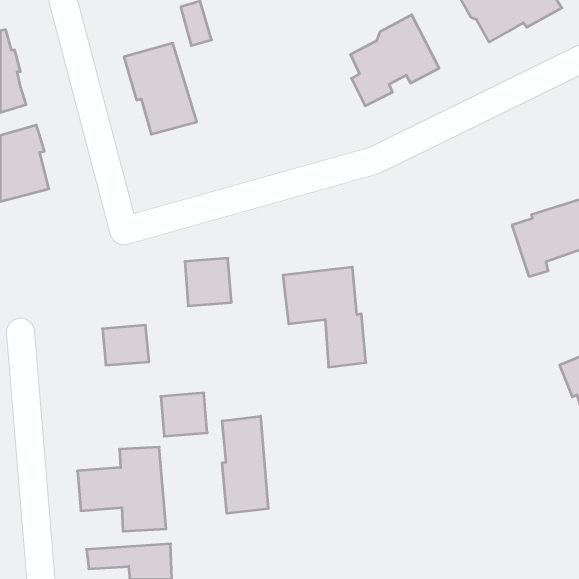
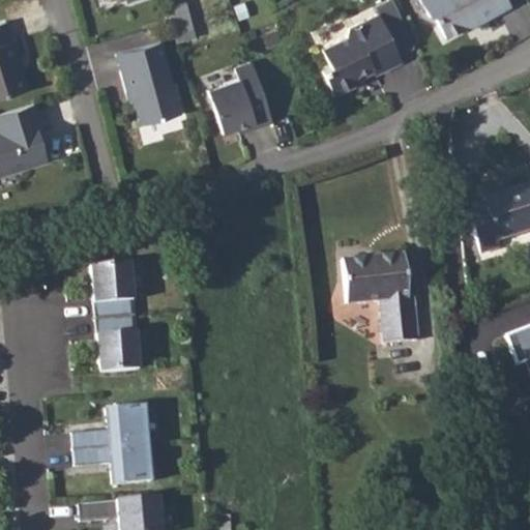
building: none -> [210,58,277,131]
building: [185,258,231,306] -> [92,256,135,299]
building: [283,267,366,367] -> [343,252,418,343]
building: [161,393,207,436] -> [98,329,141,369]
building: [222,416,268,513] -> none

